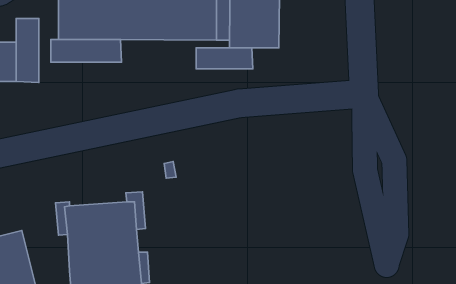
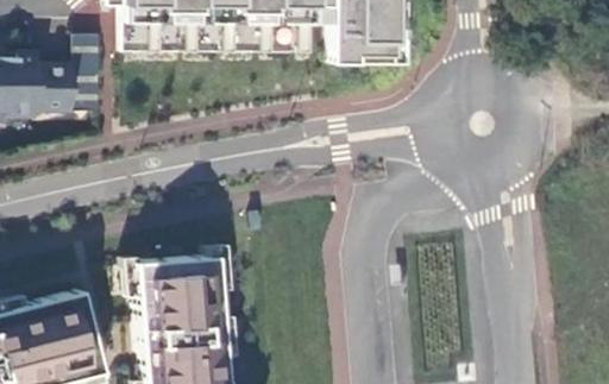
building: [51,39,122,62] -> none
building: [196,48,253,69] -> none

